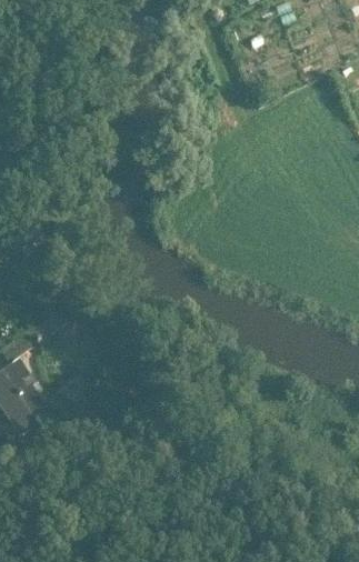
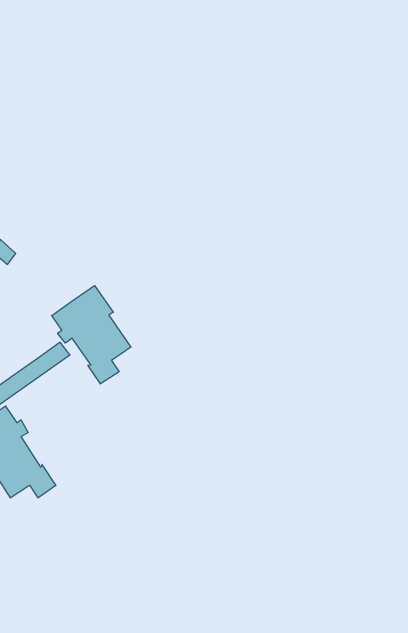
building: none -> [52,286,131,384]

